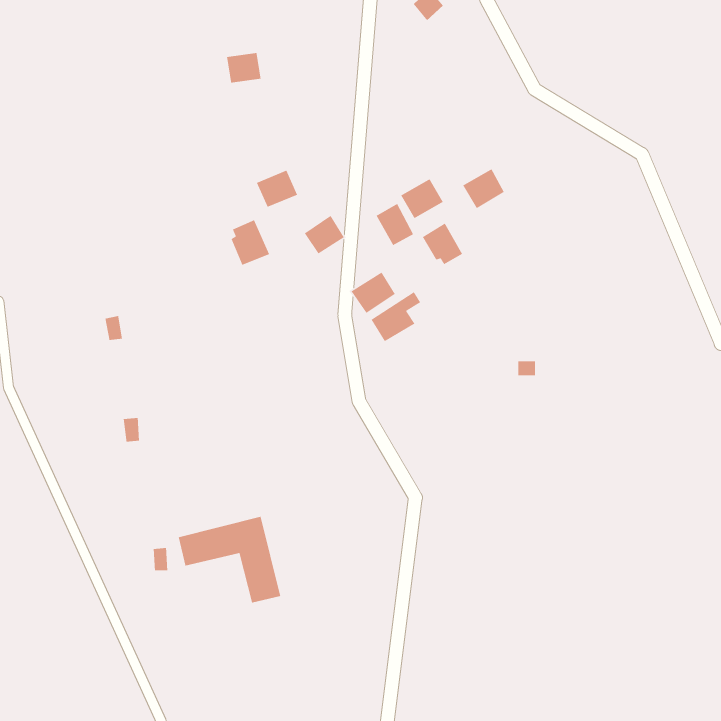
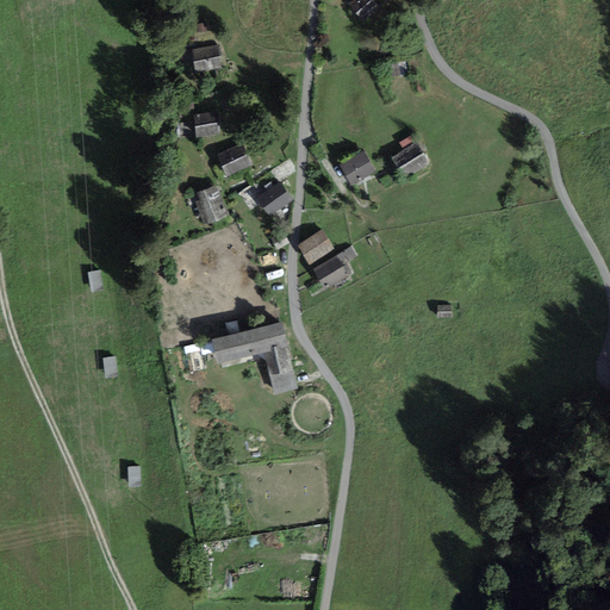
building: none -> [192,111,219,136]
building: [375,203,414,246] -> none
building: [422,223,463,265] -> none
building: [178,516,281,603] -> [211,320,298,394]

